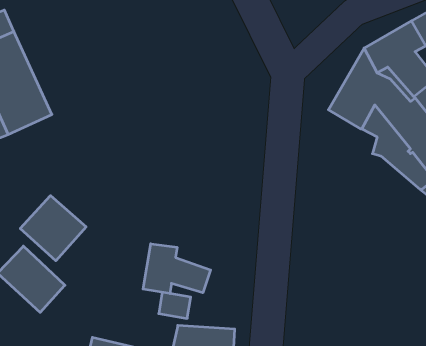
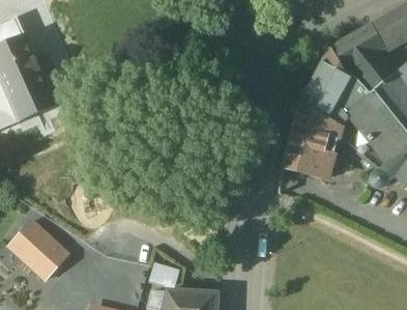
building: none -> [282,102,342,178]
building: [20,196,86,261] -> none
building: [143,244,211,294] -> none

